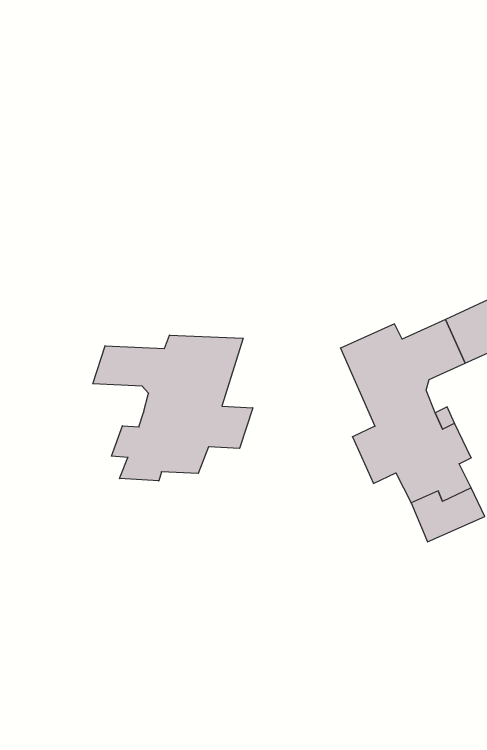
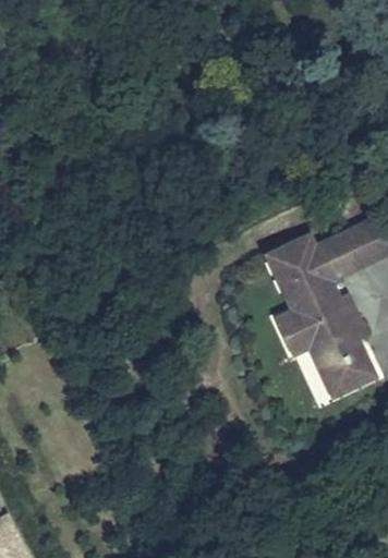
building: [93,335,253,481] -> none

